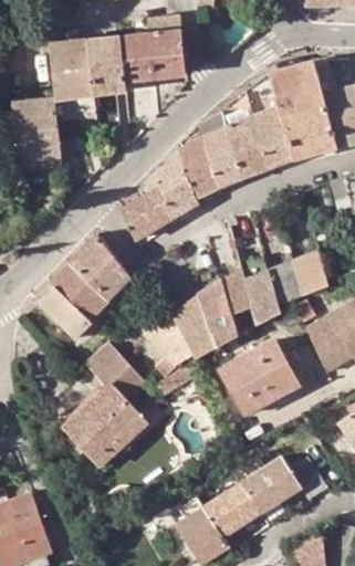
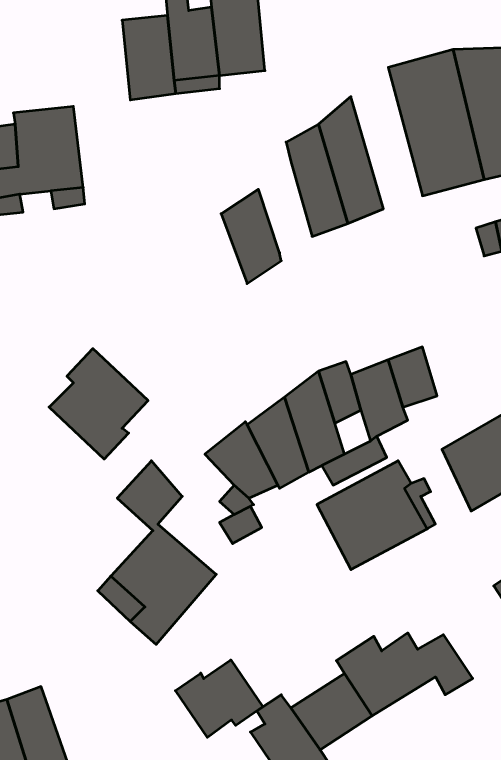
building: [49,40,93,98] -> none
building: [243,72,292,168] -> none
building: [178,136,217,198] -> none
building: [118,171,173,241] -> none
building: [67,234,128,298] -> none
building: [292,252,328,295] -> none
building: none -> [175,660,263,737]

